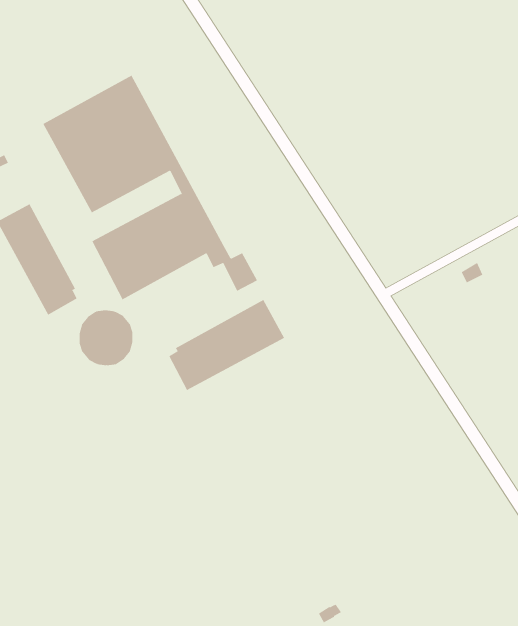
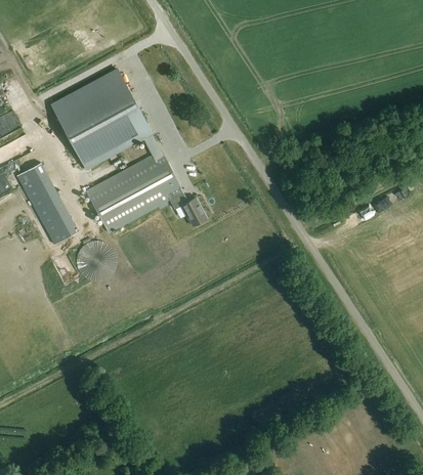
building: [169,299,285,391] -> none

